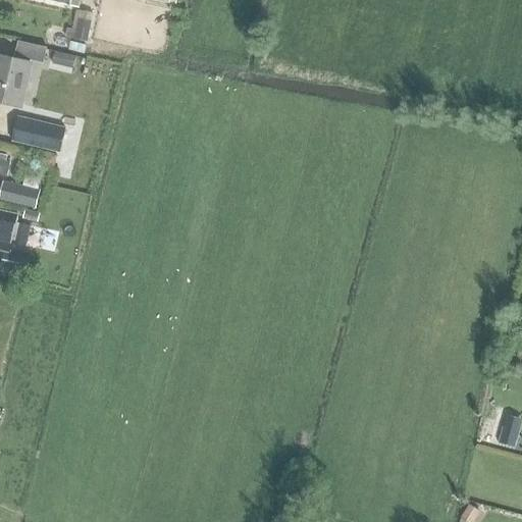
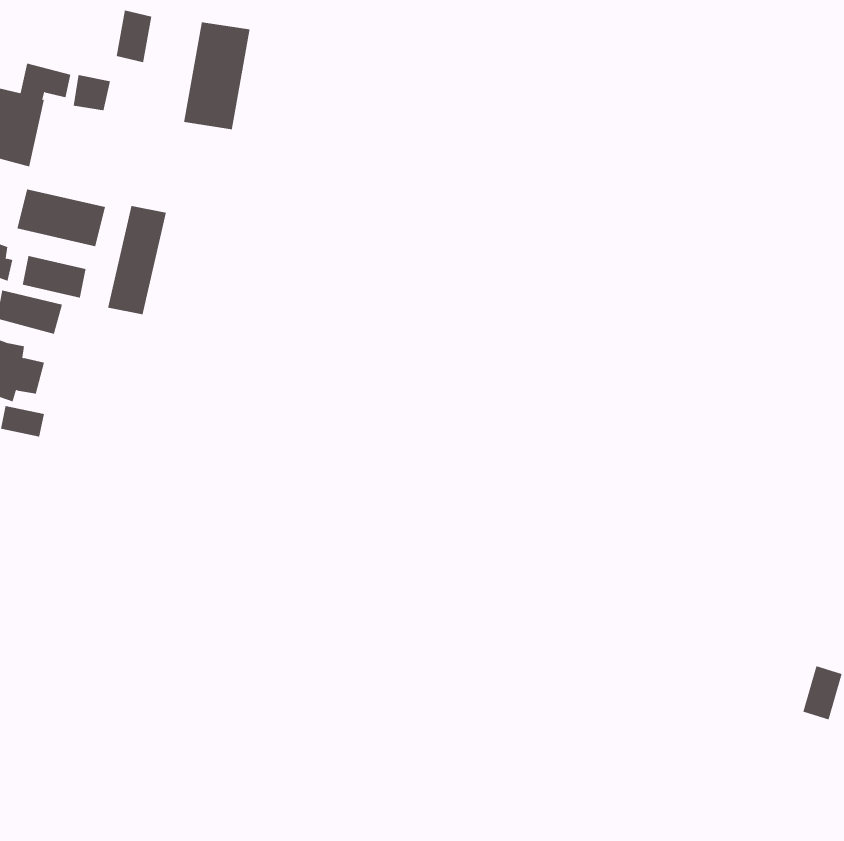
building: none -> [183,21,250,130]
building: none -> [108,205,166,315]
building: none -> [22,255,86,299]

